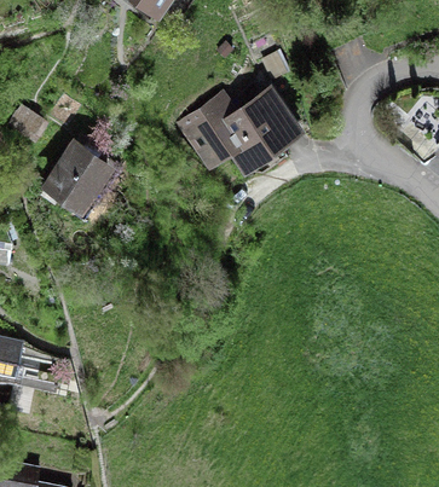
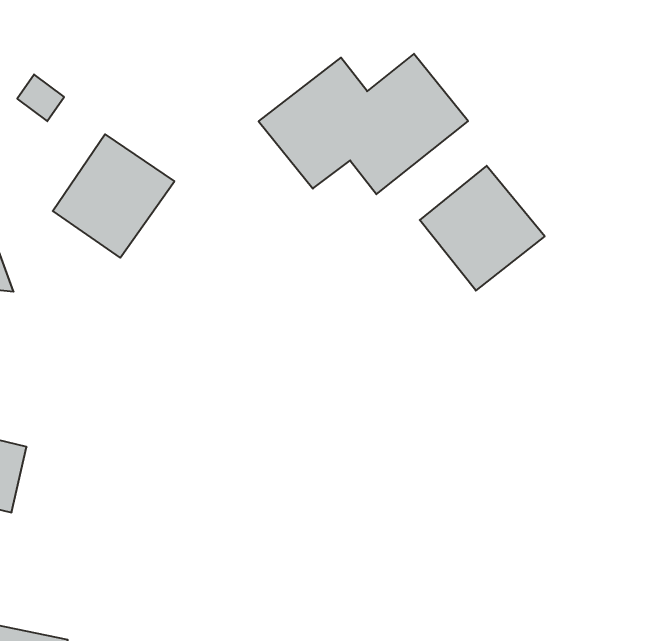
building: none -> [420,166,545,291]

